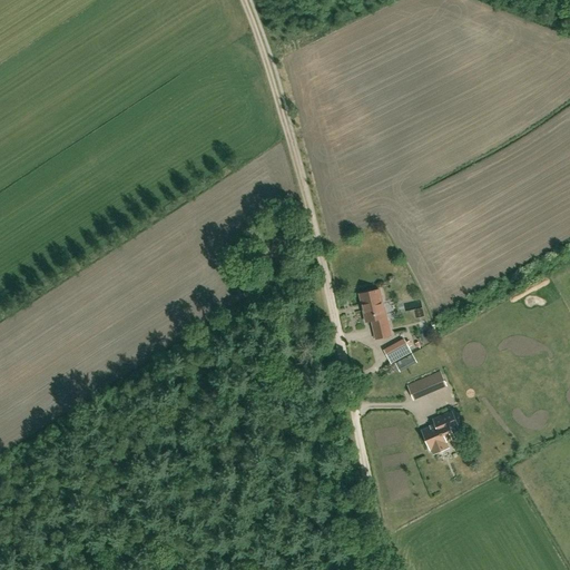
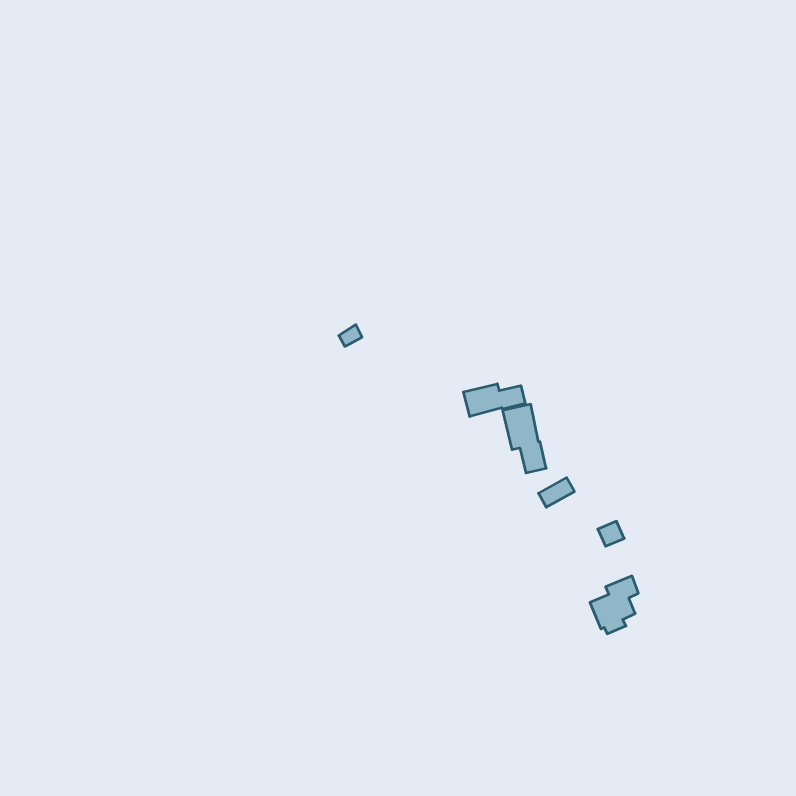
building: none -> [463,384,525,417]

